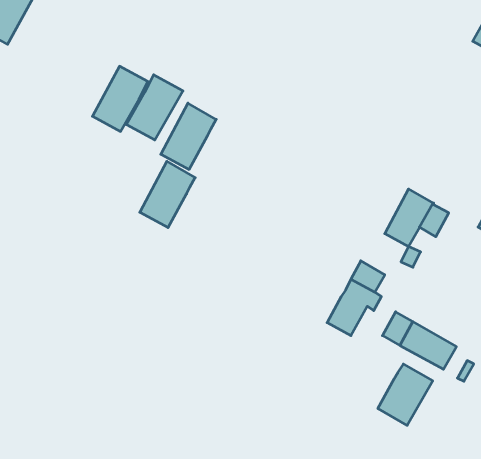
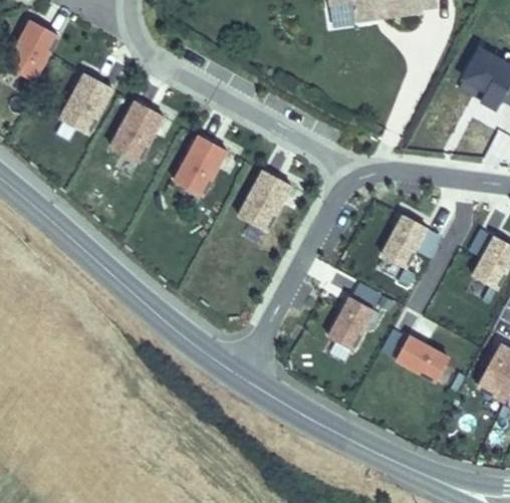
building: [126,75,183,140] -> [60,72,112,133]
building: [140,161,195,228] -> [239,170,290,231]
building: [378,364,433,425] -> none

